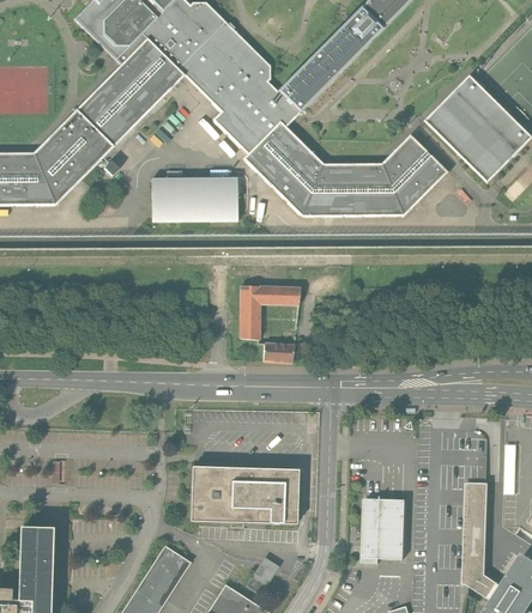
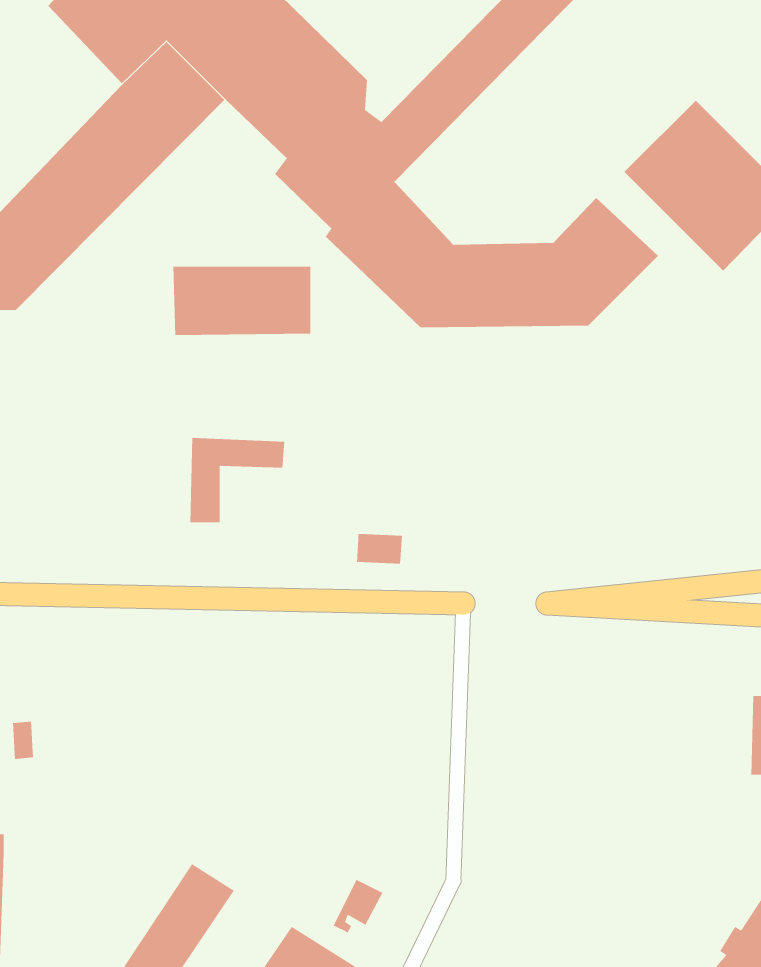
building: [240,284,298,336] -> [189,437,285,523]
building: [188,463,296,523] -> none
building: [465,481,496,597] -> none
building: [367,498,405,557] -> none

